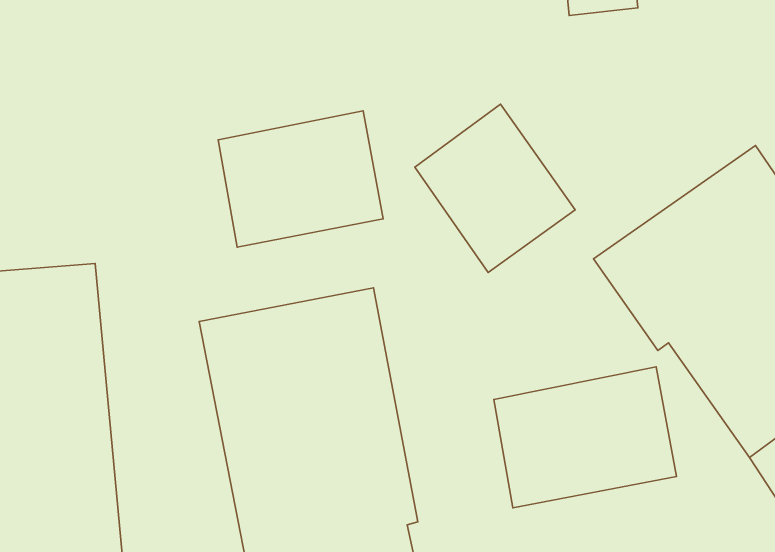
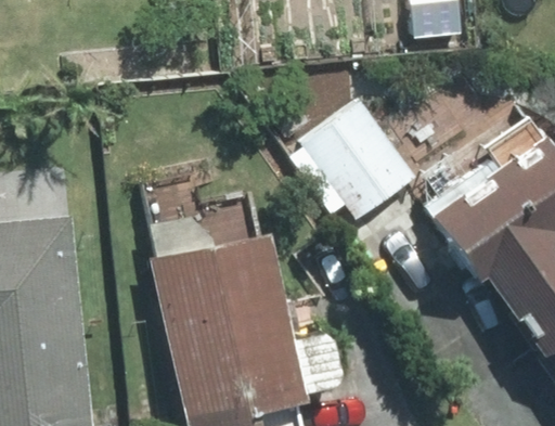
building: [218,111,383,247] -> none
building: [494,367,676,508] -> none

